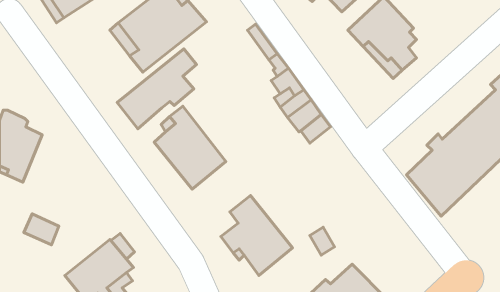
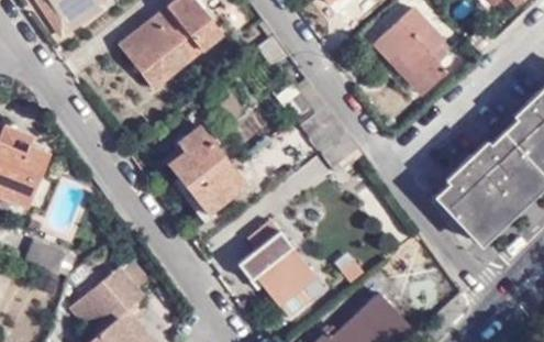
building: [117,49,196,129] -> none

